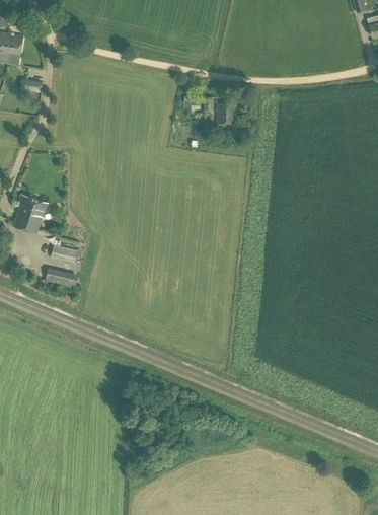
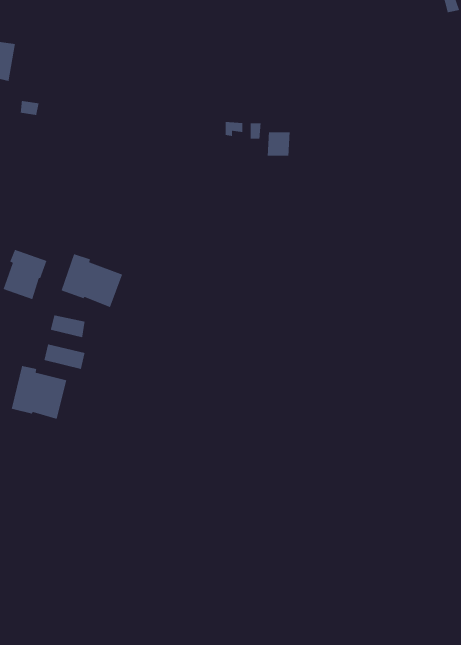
building: none -> [60,253,123,308]
building: none -> [11,365,67,420]

